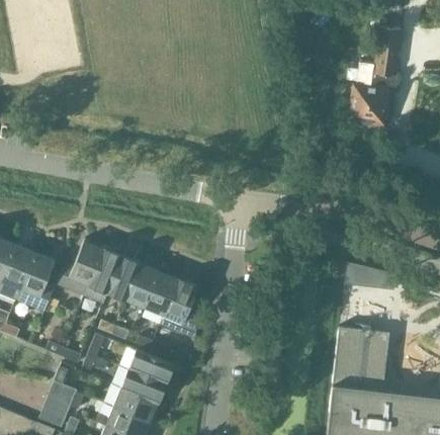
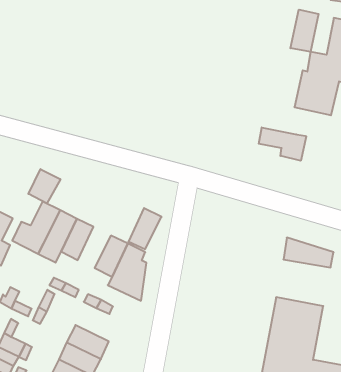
building: none -> [290,10,319,52]
building: none -> [259,127,306,161]
building: none -> [28,169,60,204]
building: [125,264,159,308] -> [128,208,162,249]
building: [127,350,172,384] -> none

